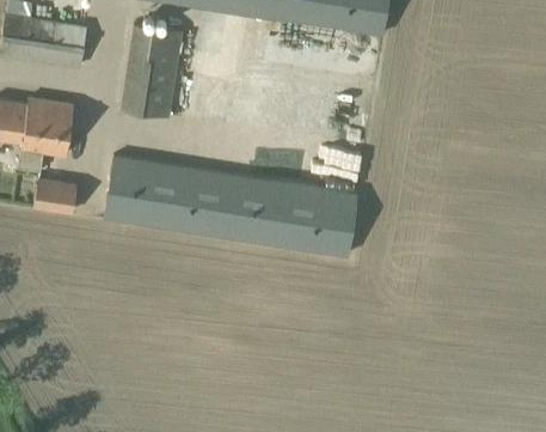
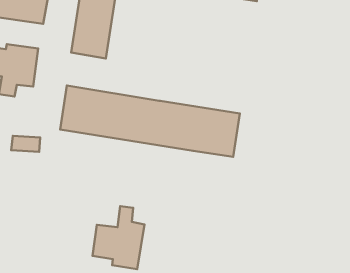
building: [32,182,73,205] -> [11,136,40,152]
building: none -> [93,206,144,269]

